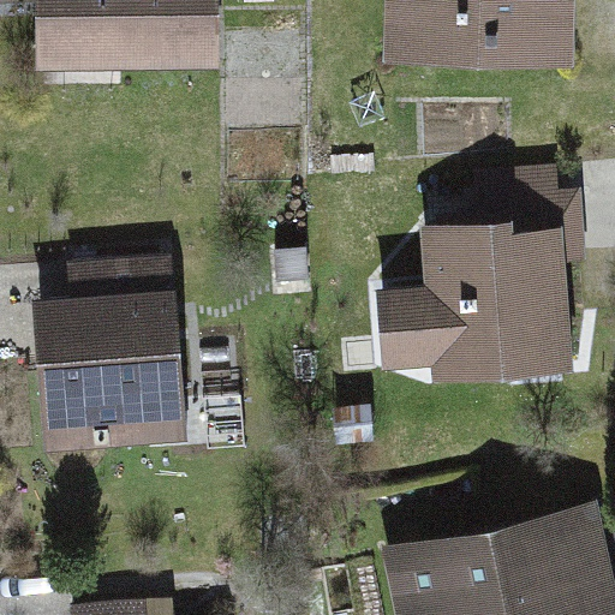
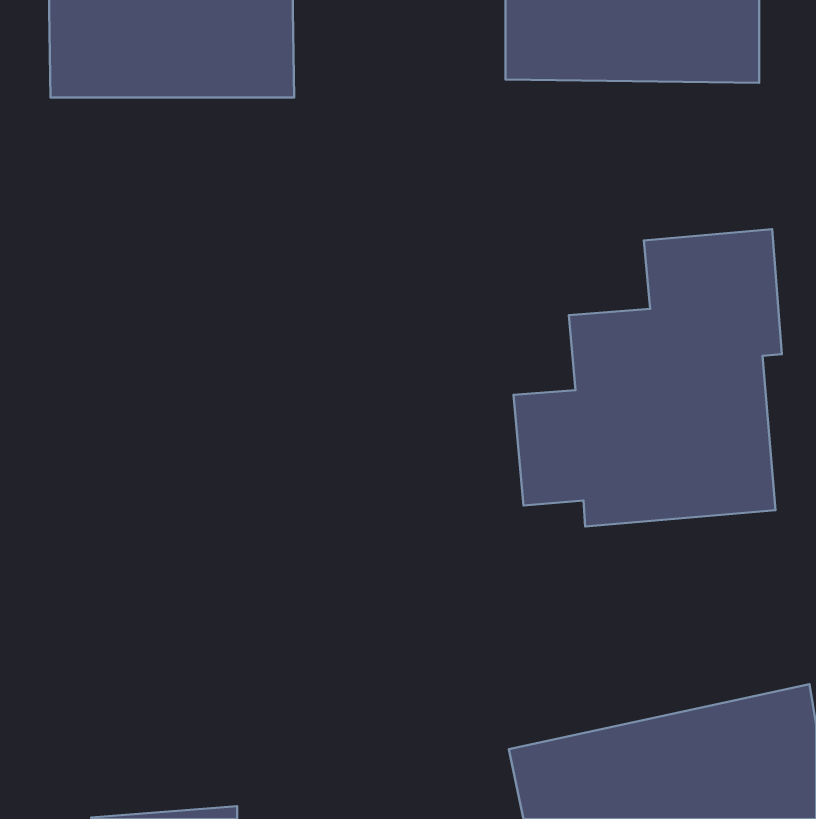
building: [36,257,185,449] -> none

